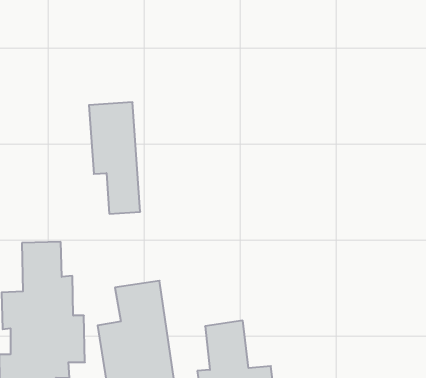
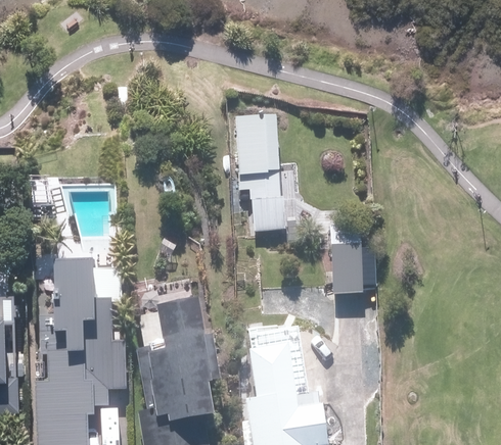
building: [89,102,140,214] -> [235,110,289,228]
building: none -> [332,240,365,291]

